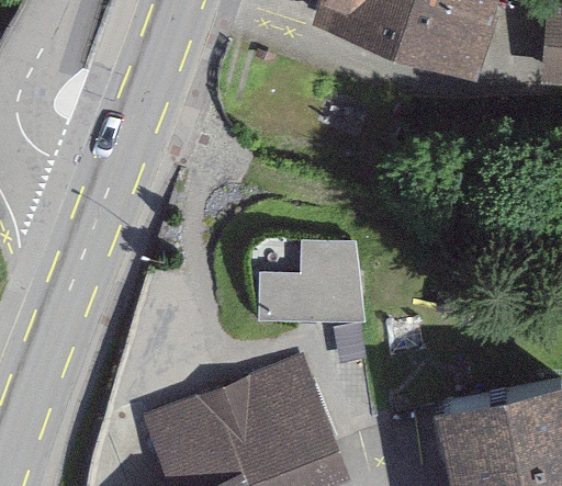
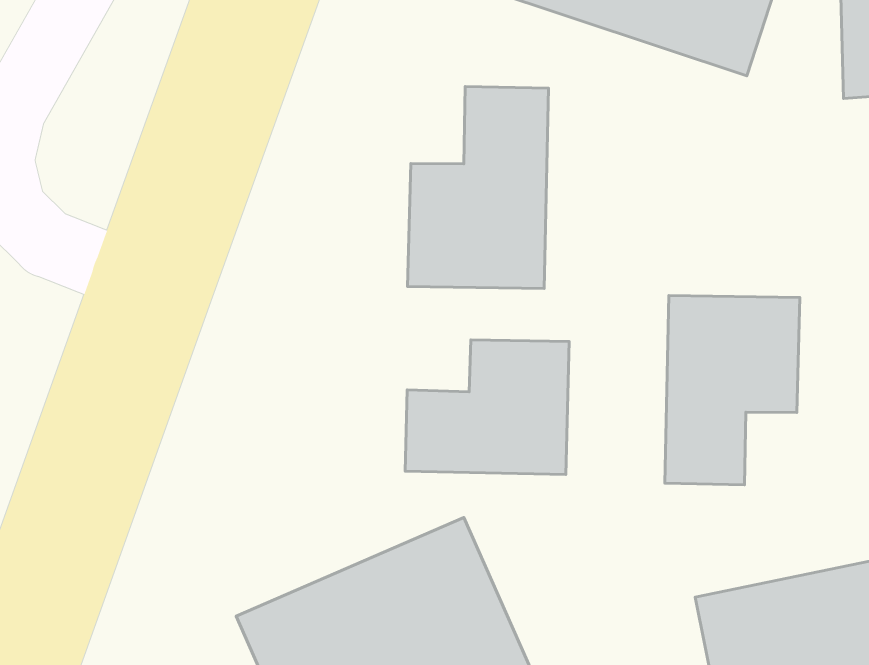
building: none -> [408,86,548,289]
building: none -> [665,295,800,485]

